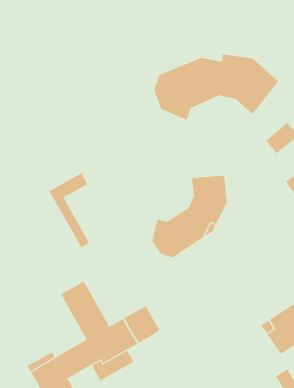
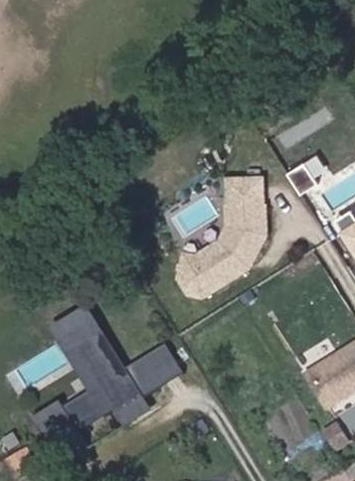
building: [154,54,279,121] -> none
building: none -> [222,178,257,206]
building: [48,173,90,248] -> [54,310,102,395]

